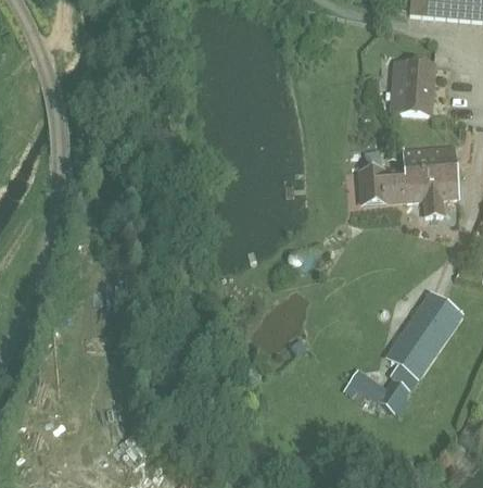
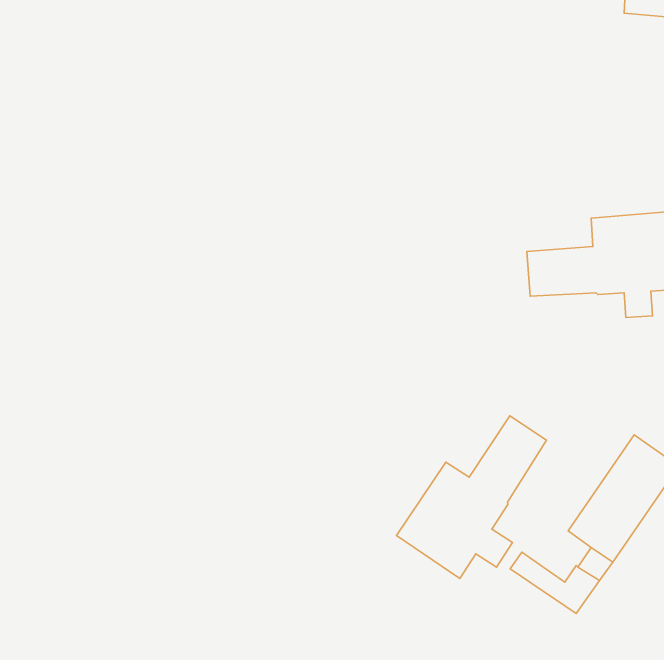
building: [391,63,434,114] -> none
building: none -> [396,416,547,578]

